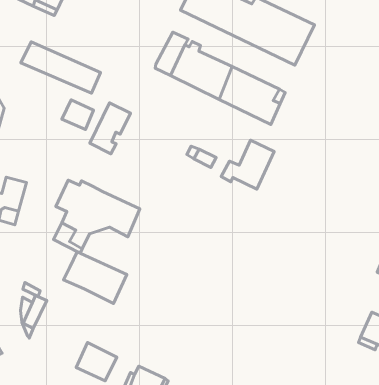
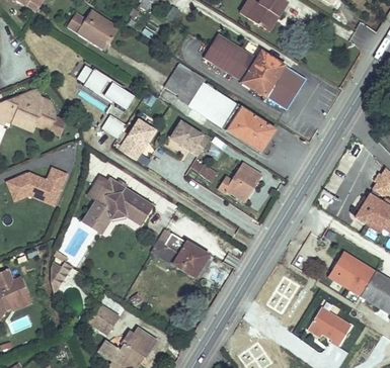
building: none -> [165,62,194,94]
building: none -> [170,121,209,155]
building: [63,252,127,304] -> [158,233,208,276]

